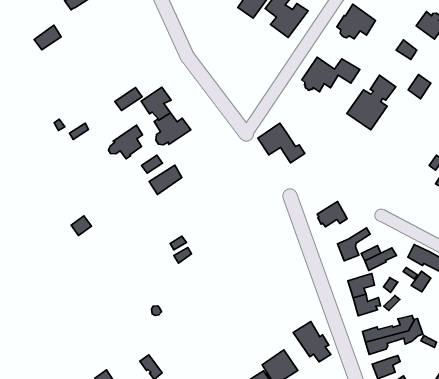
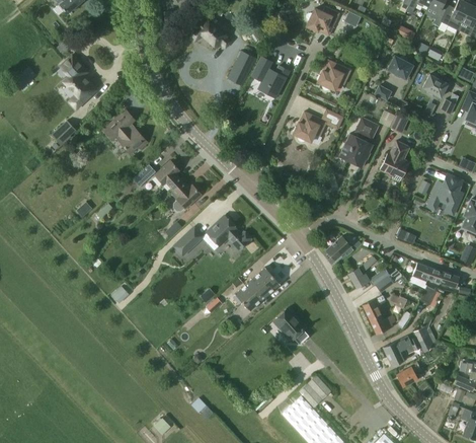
building: none -> [102,109,148,154]
building: none -> [380,142,409,182]
building: [258,123,305,163] -> [207,216,250,249]
building: [109,125,143,159] -> none
building: none -> [235,268,280,310]
building: [293,322,331,362] -> [272,309,309,344]

